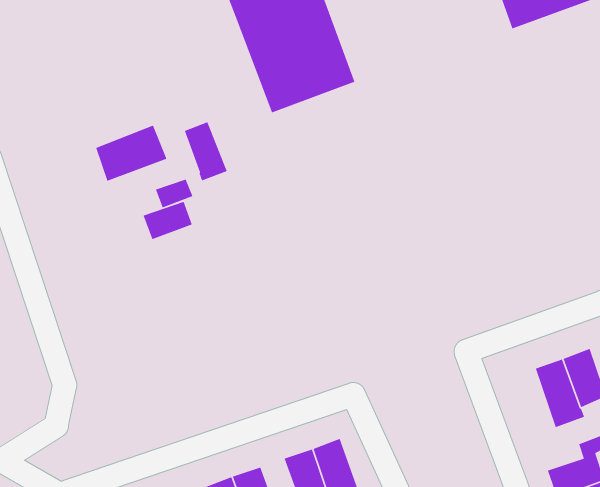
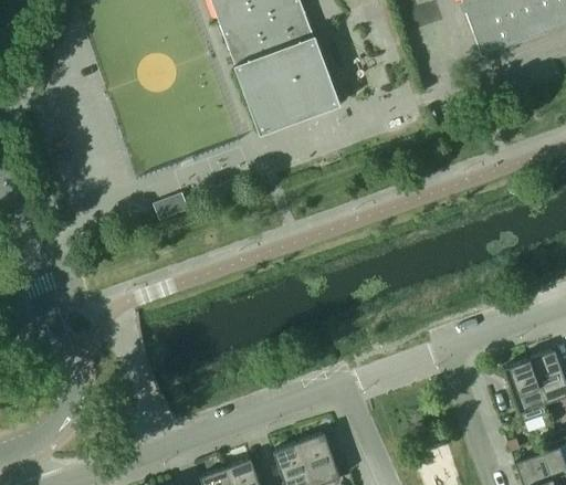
building: [184,121,228,181] -> none
building: [95,125,167,182] -> none
building: [142,201,193,240] -> none

